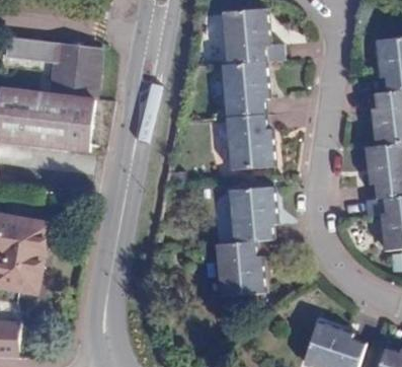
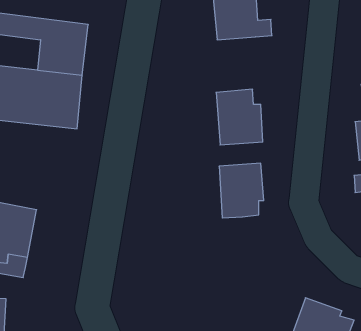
building: [223,60,268,116] -> none
building: [216,240,261,295] -> none

